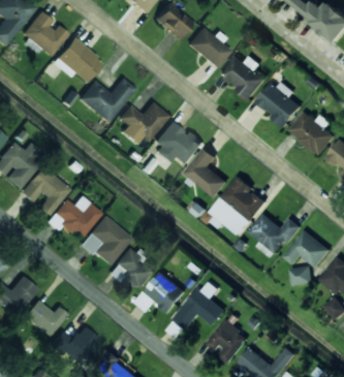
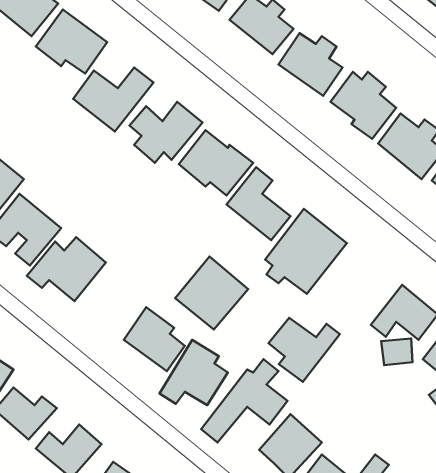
building: [250,214,300,258] -> [268,318,340,382]
building: [80,216,130,266] -> [175,256,248,329]

